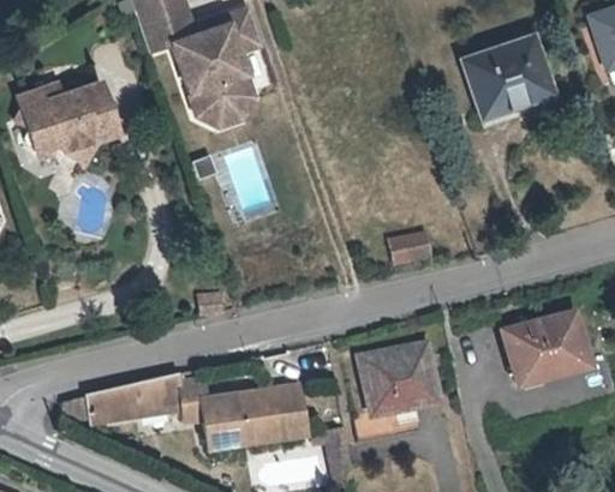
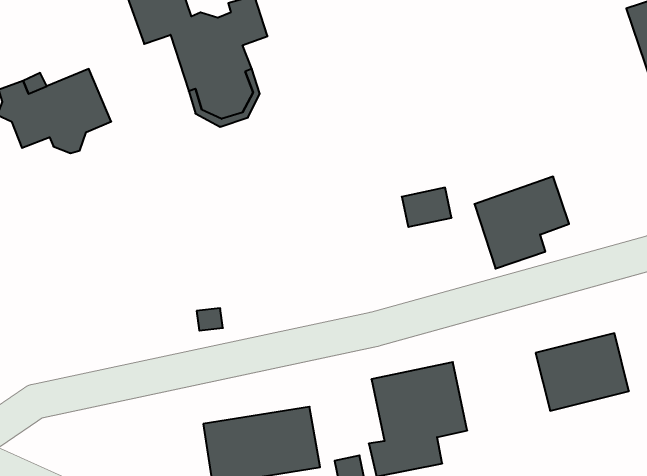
building: [461,36,548,120] -> [474,177,569,269]
building: [386,228,431,264] -> [402,188,452,227]
building: [85,374,208,426] -> none

